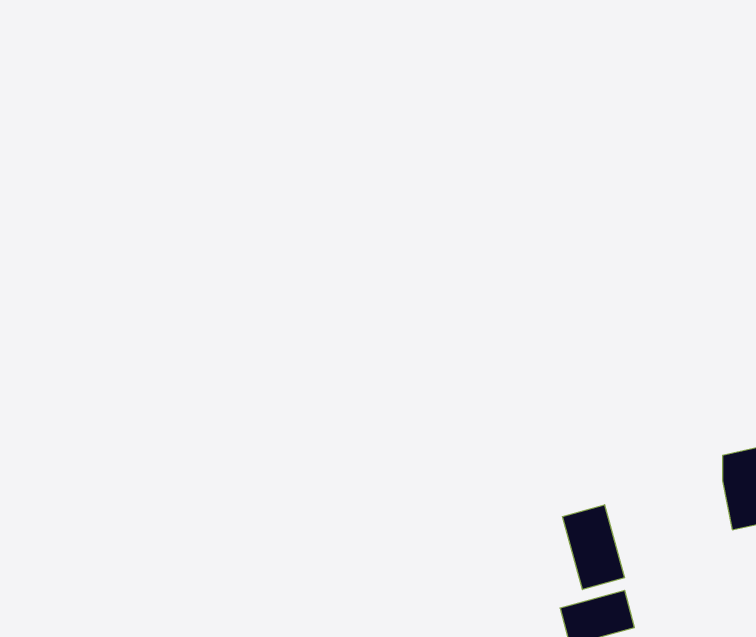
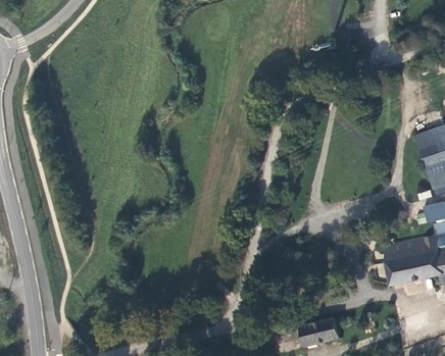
building: [562,505,624,590] -> none

